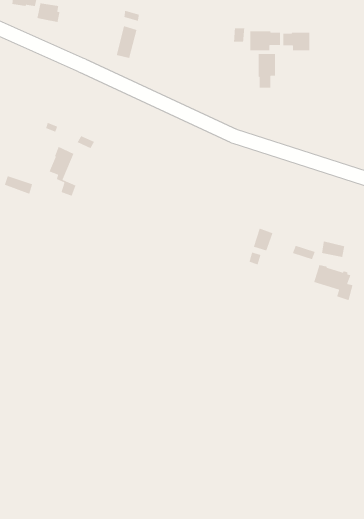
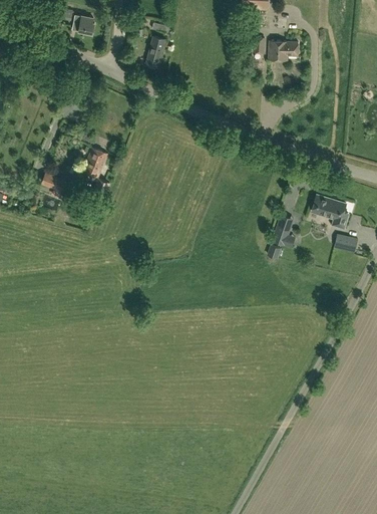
building: [283,32,310,51] -> none
building: [258,53,276,89] -> none
building: [313,264,354,301] -> [311,195,348,229]

